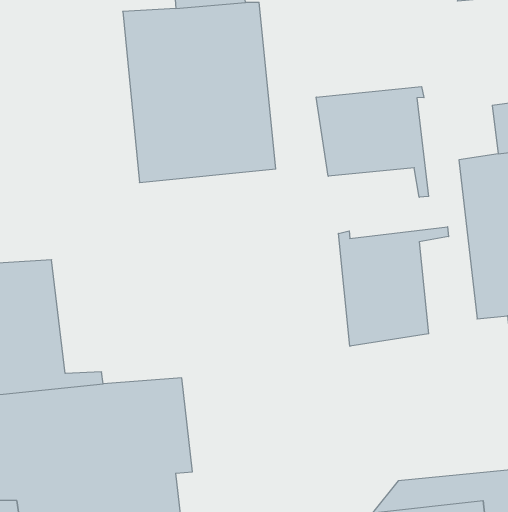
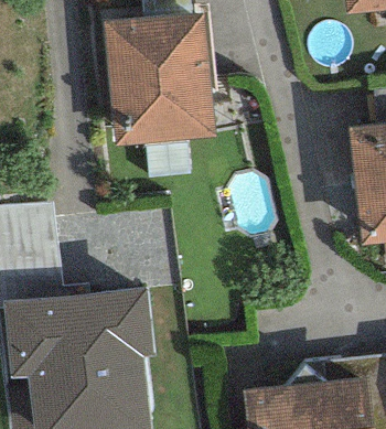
building: [316,87,429,197] -> none
building: [338,227,449,346] -> none

